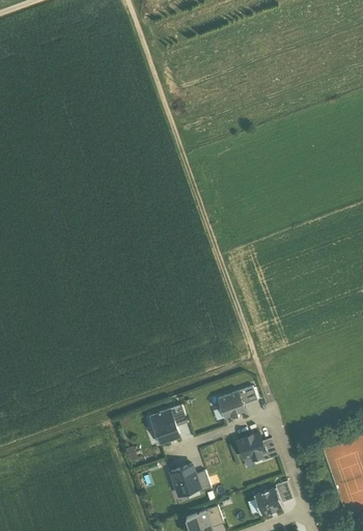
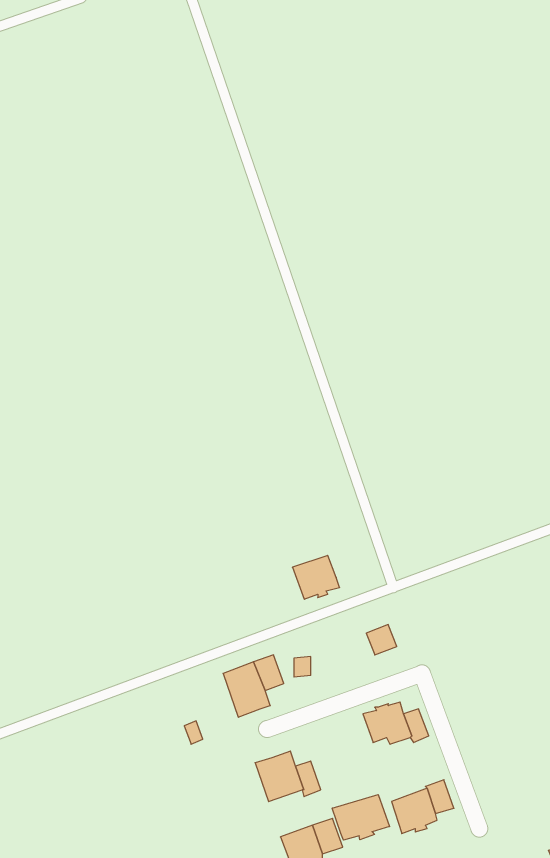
building: [215,391,244,418] -> [292,555,340,599]
building: none -> [332,795,390,840]

